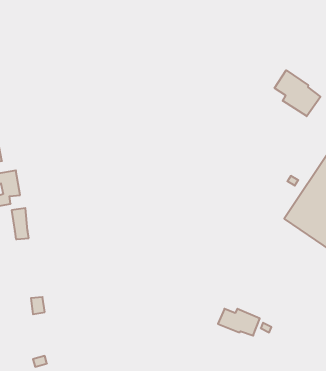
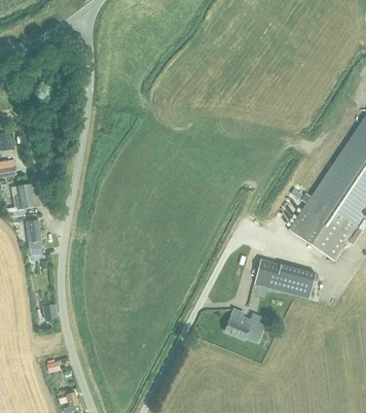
building: [275,70,320,116] -> none
building: none -> [255,259,316,297]

